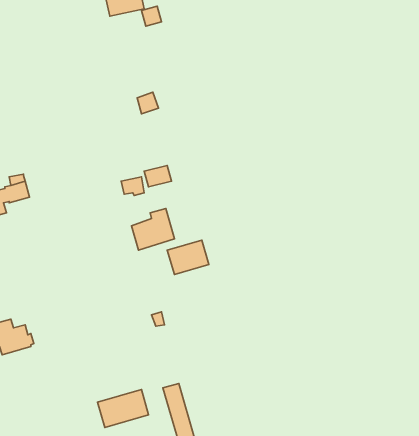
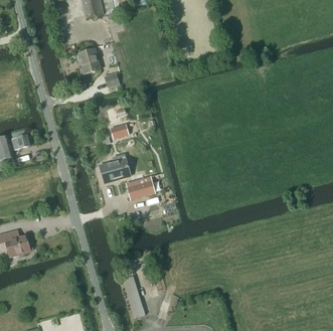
building: none -> [78,48,100,73]
building: [97,390,149,427] -> none

